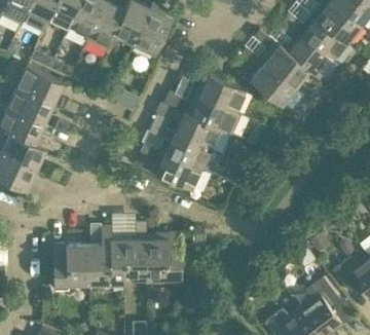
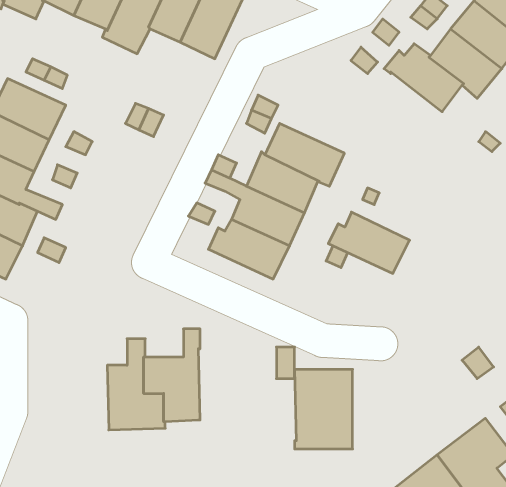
building: [250,62,296,105] -> none
building: [195,74,246,112] -> [328,212,410,273]
building: [145,233,181,283] -> [295,369,353,449]
building: [52,244,89,289] -> none

